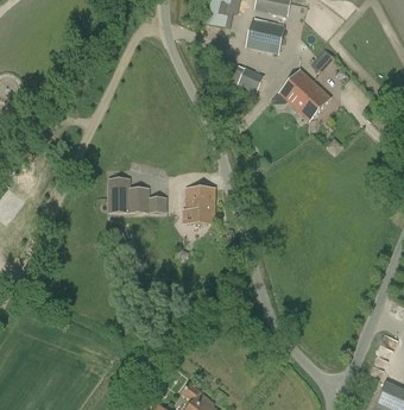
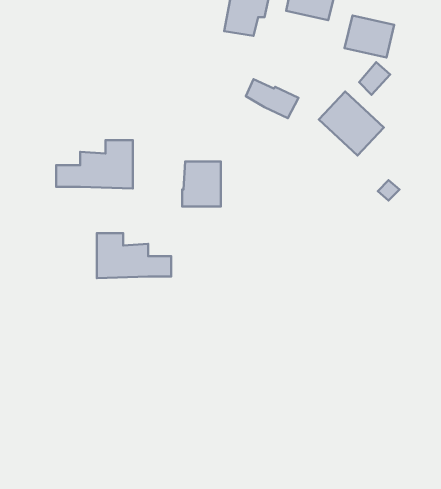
building: [246,20,284,52] -> [345,16,394,58]
building: none -> [56,140,133,189]
building: [184,188,214,222] -> [182,161,221,206]

